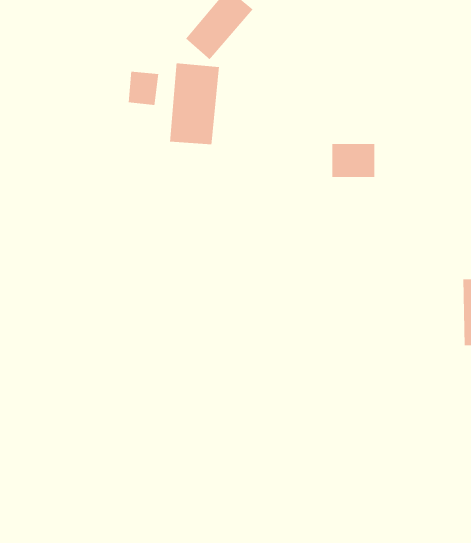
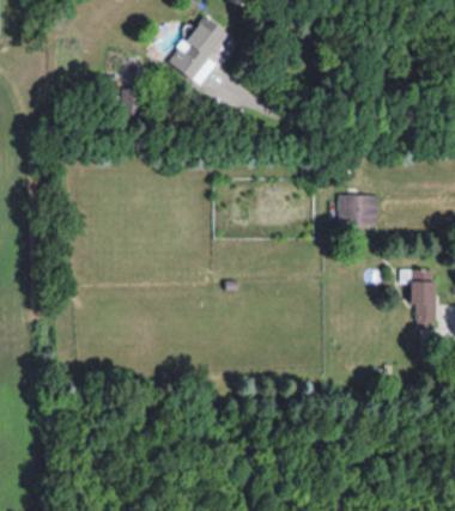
building: [170,62,220,145] -> none
building: [331,143,375,178] -> [340,196,378,226]

